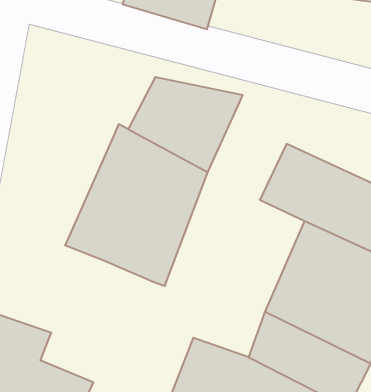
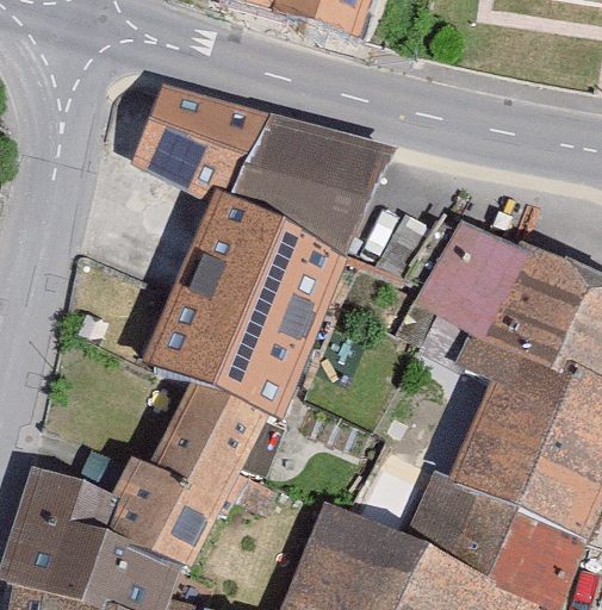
building: none -> [126,86,272,204]
building: none -> [104,388,272,568]

